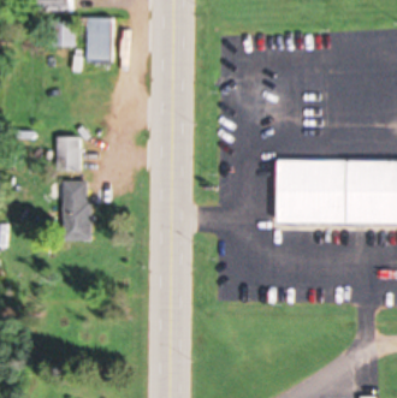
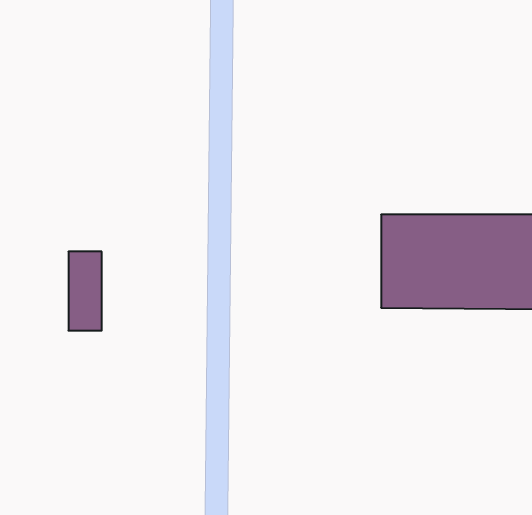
building: [84,18,111,61] -> none
building: [54,137,78,173] -> none

